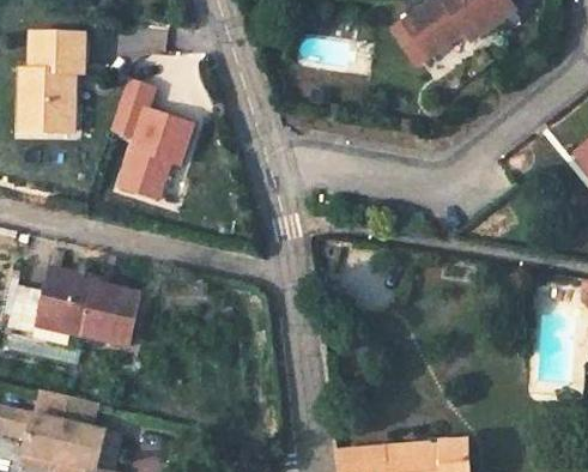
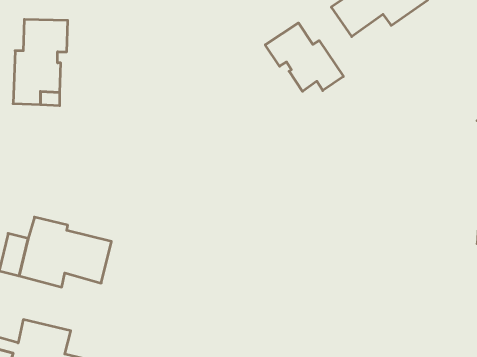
building: none -> [265,23,343,91]
building: [108,73,190,196] -> none

